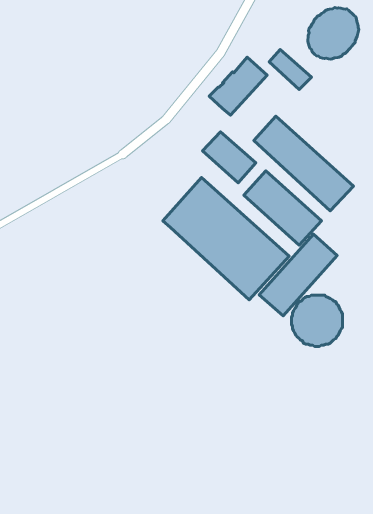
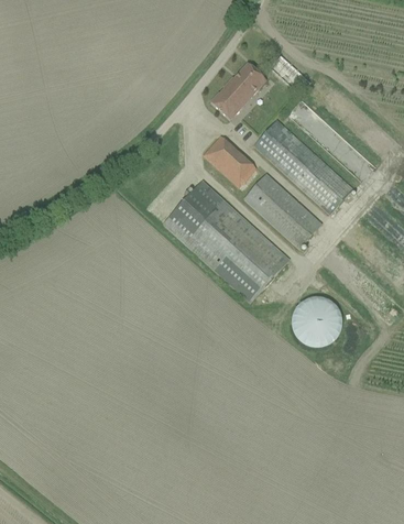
building: [308,8,359,59] -> none
building: [259,234,337,316] -> none

